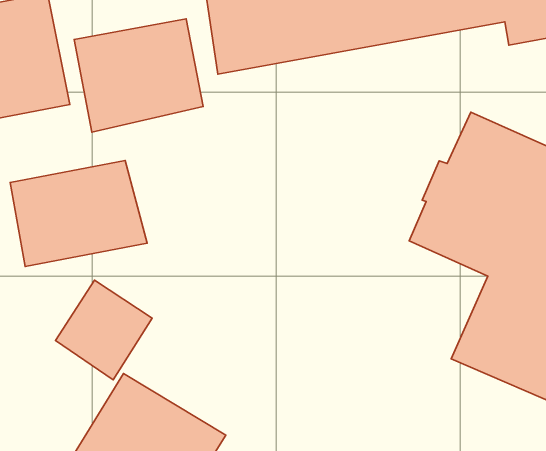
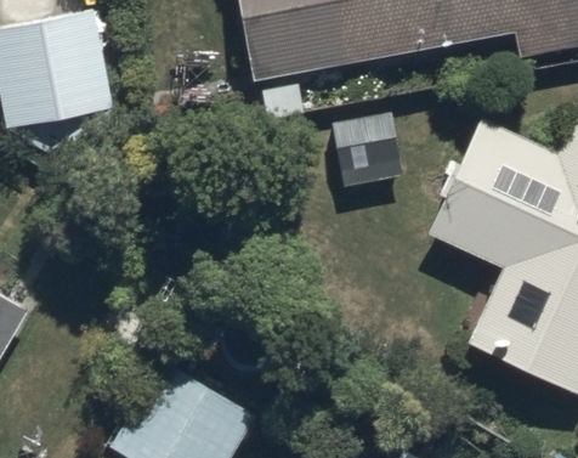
building: [74,19,203,132] -> none
building: [10,160,147,267] -> none

